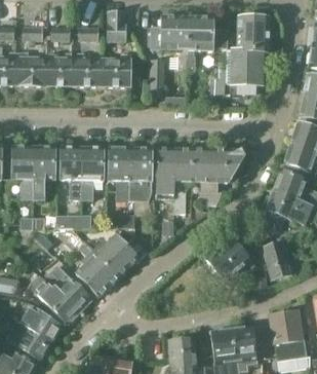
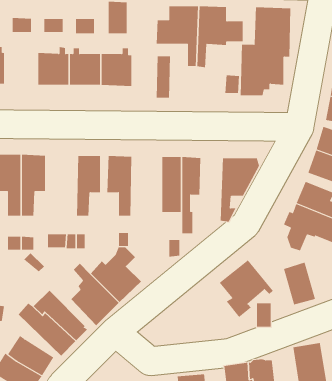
building: [18,51,47,85] -> none
building: [60,147,82,200] -> none
building: [129,148,152,200] -> none
building: [190,149,209,204] -> none

